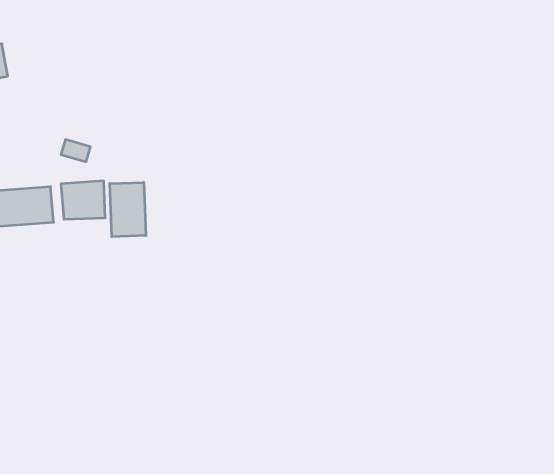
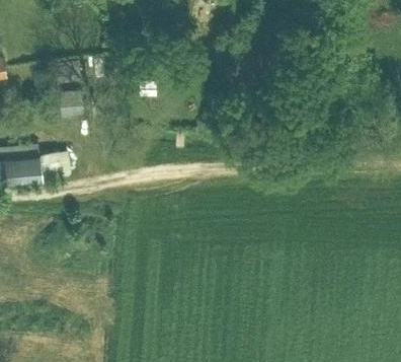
building: [110,182,146,237] -> none

